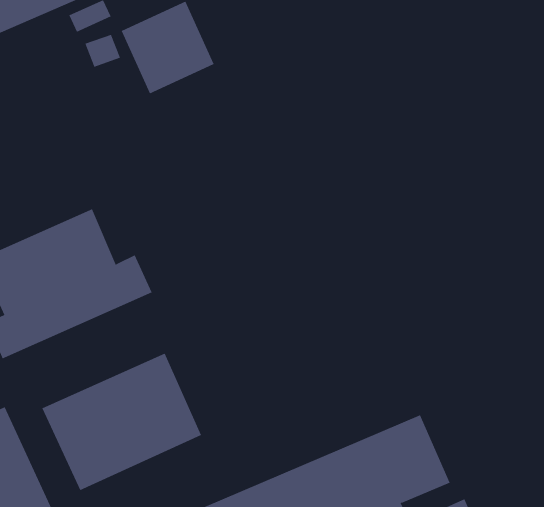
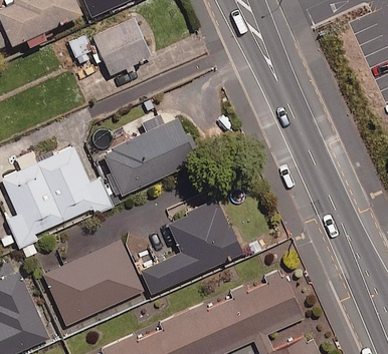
building: none -> [102,120,196,196]
building: none -> [139,201,241,295]

